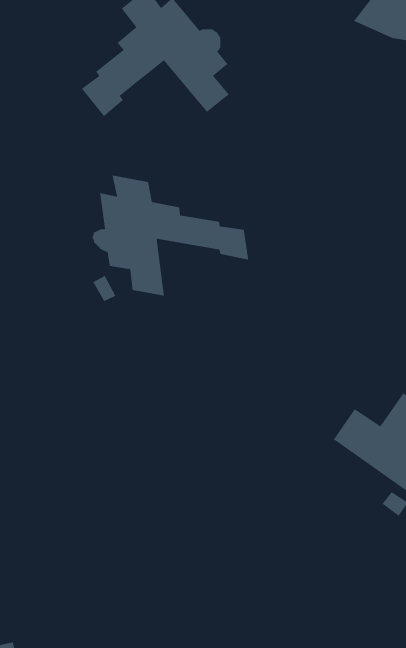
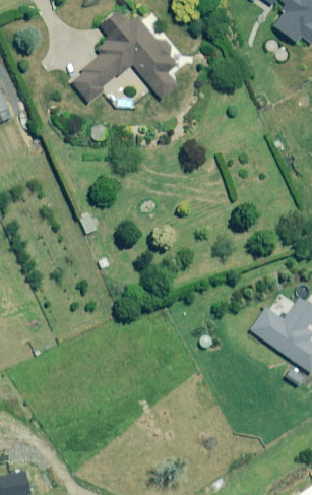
building: [92,175,249,296] -> none

